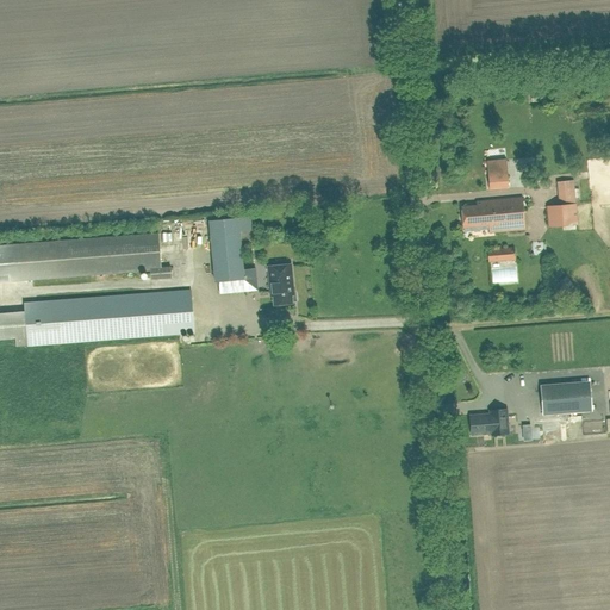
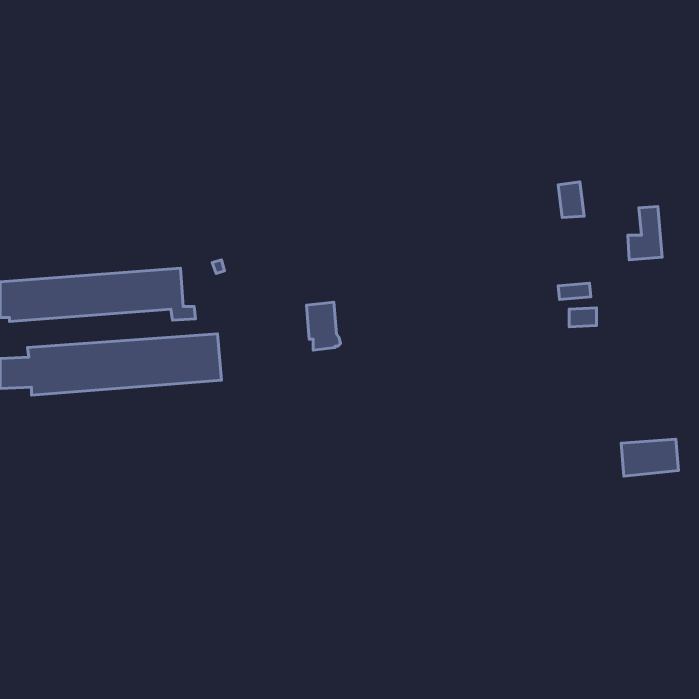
building: [461,197,525,231] -> none
building: [211,216,253,280] -> none
building: [469,409,509,436] -> none

